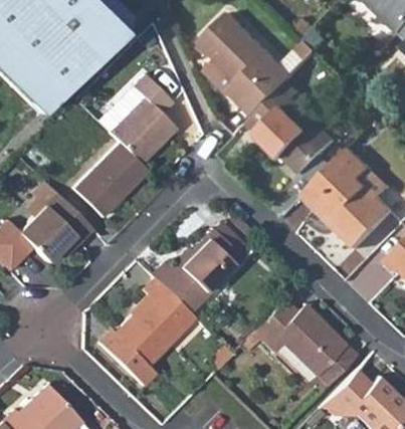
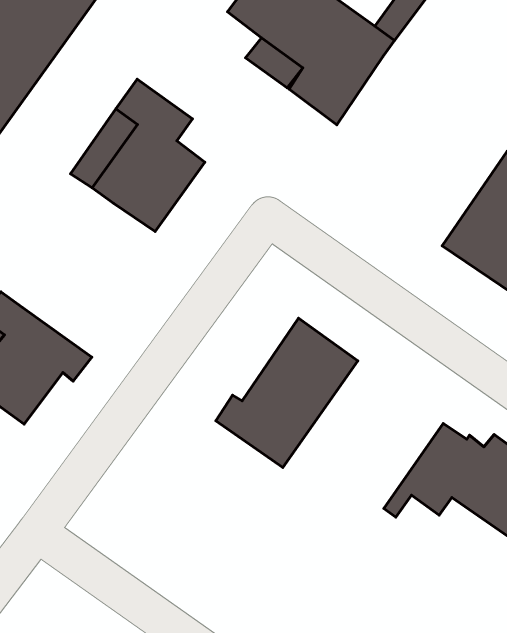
building: [247,82,334,173] -> none
building: [73,142,147,215] -> none
building: [102,276,196,383] -> none

